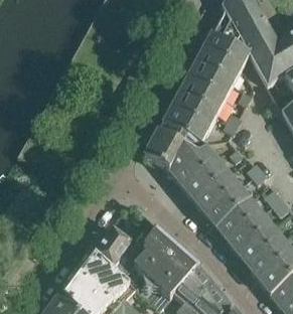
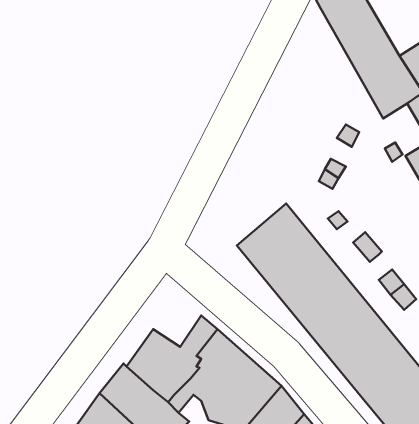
building: [145,10,251,170] -> none

